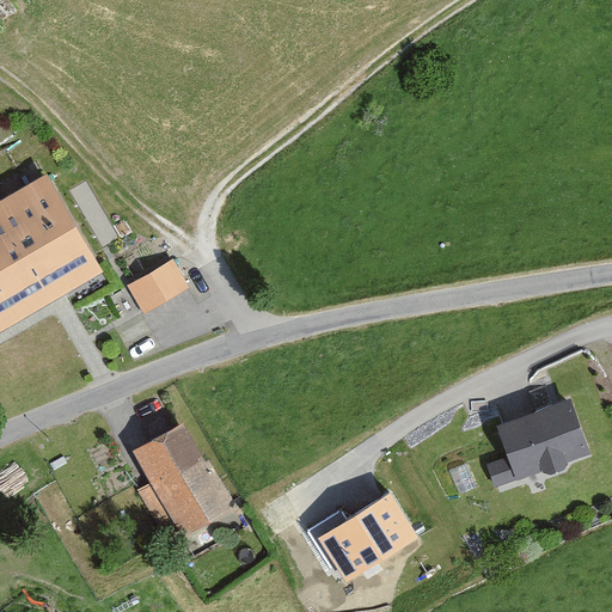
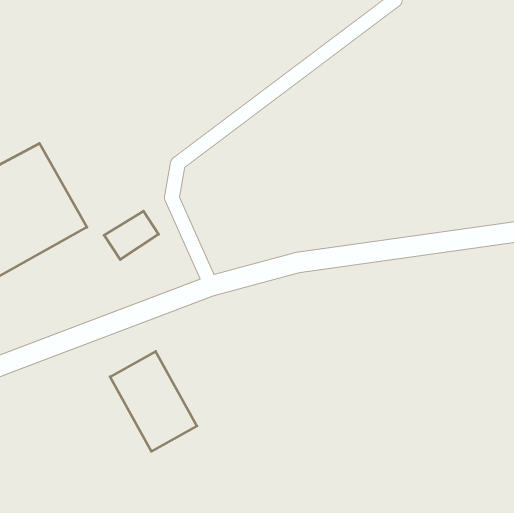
building: [486,397,589,490] -> none
building: [314,498,418,589] -> none

